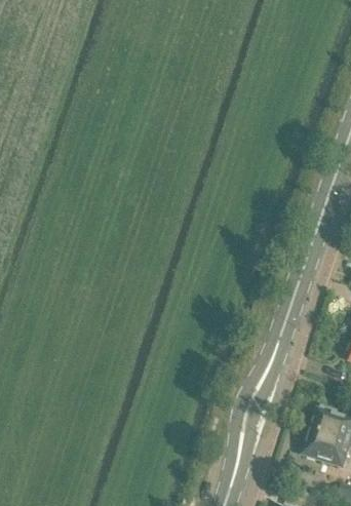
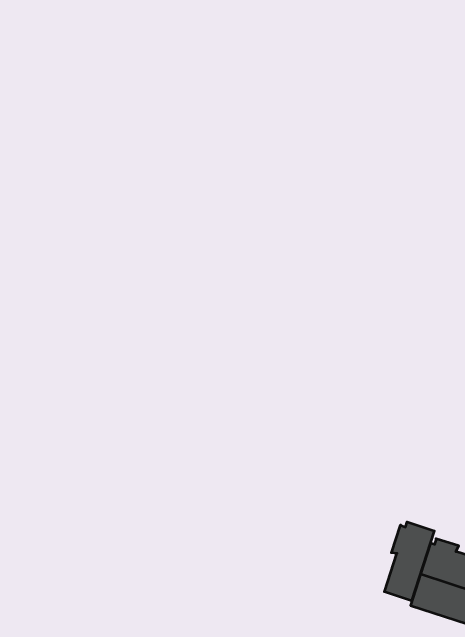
building: none -> [384,522,434,601]

